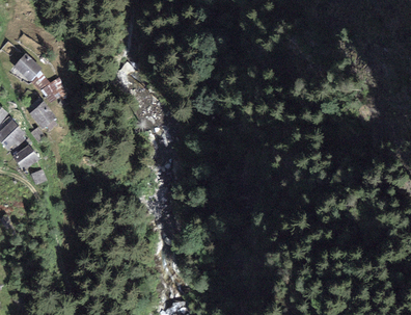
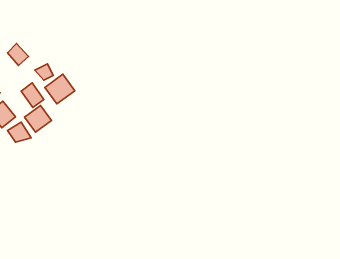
building: none -> [45,74,75,104]
building: none -> [24,106,52,132]

